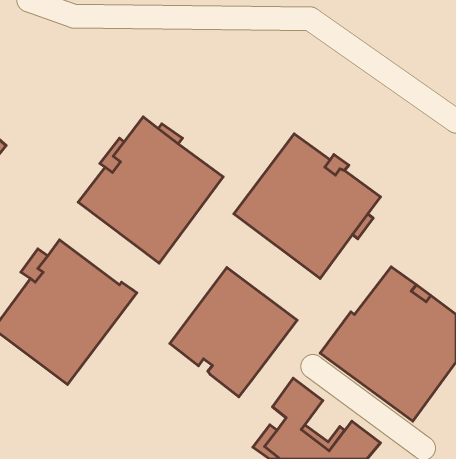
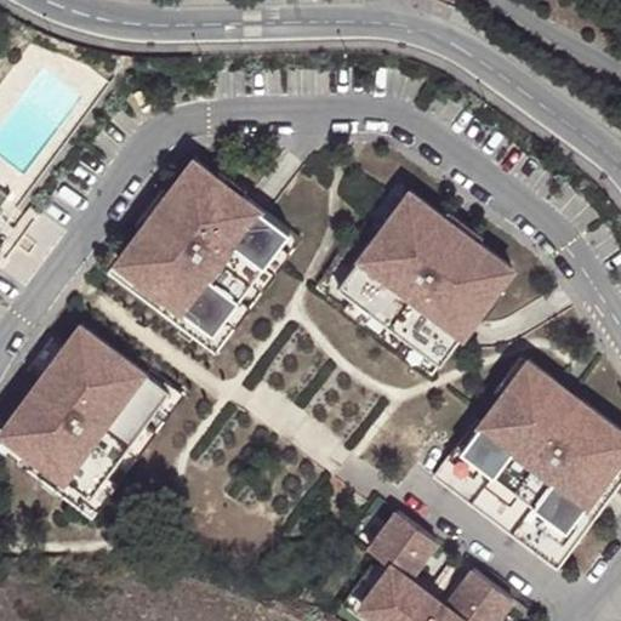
building: [170,267,297,397] -> none

